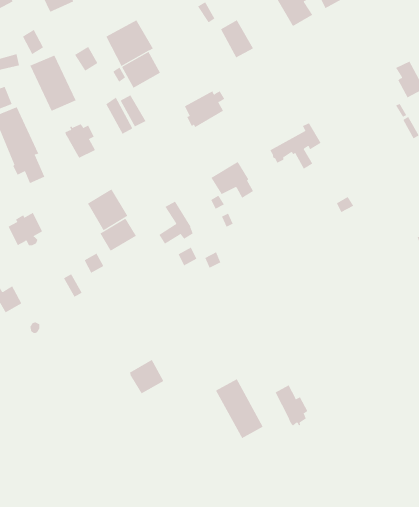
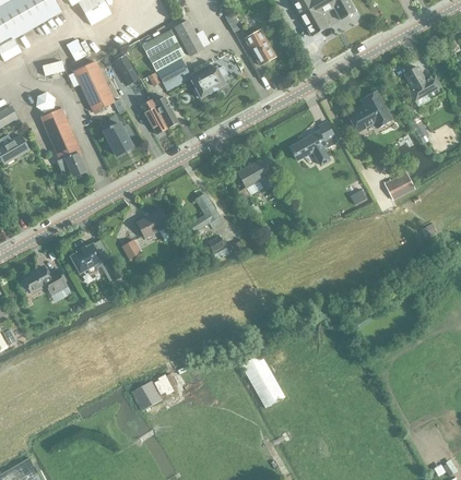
building: none -> [173,19,203,55]
building: none -> [347,89,391,132]
building: [184,90,225,128] -> [190,64,227,98]
building: none -> [383,170,414,199]
building: [87,188,128,231] -> none
building: [8,212,43,246] -> [70,242,102,273]
building: [129,359,164,394] -> [130,379,162,410]
building: [275,384,308,426] -> none

